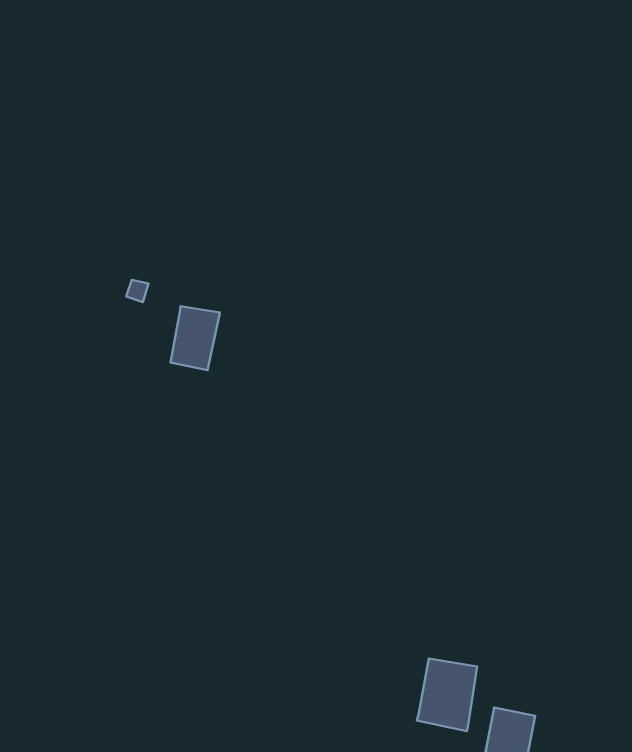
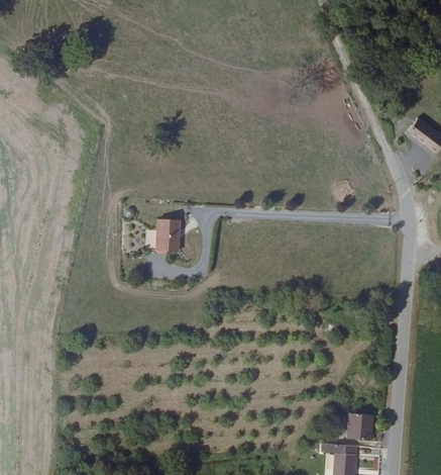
building: [417,658,477,731] -> none

